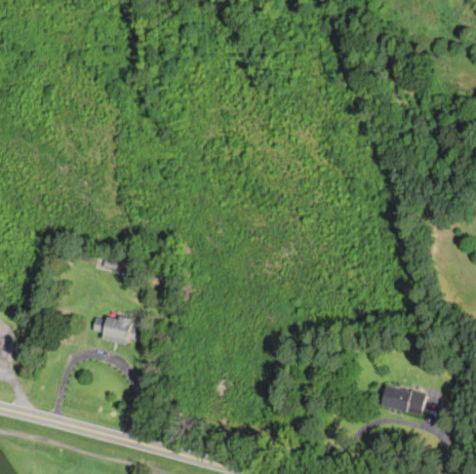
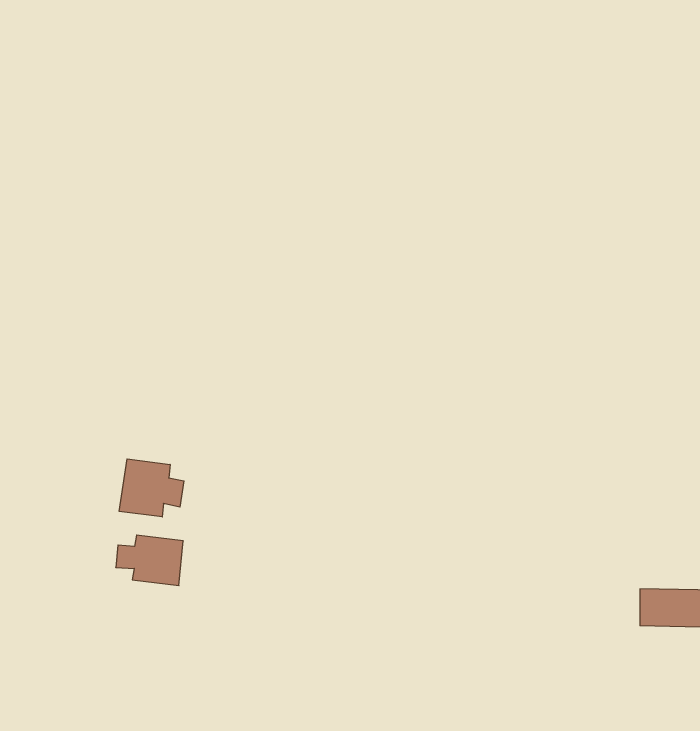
building: none -> [119,459,184,517]

